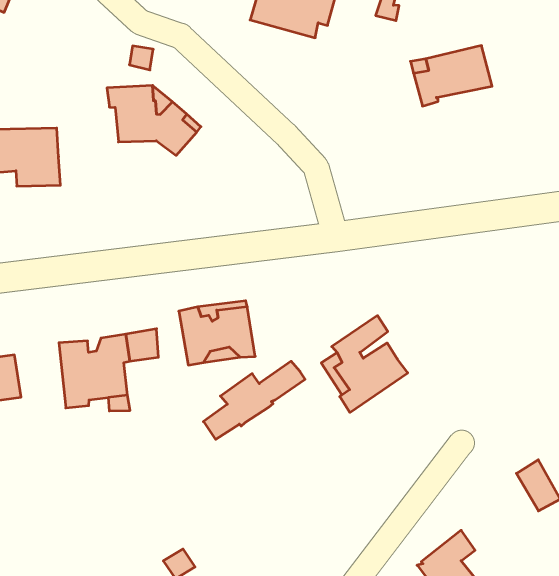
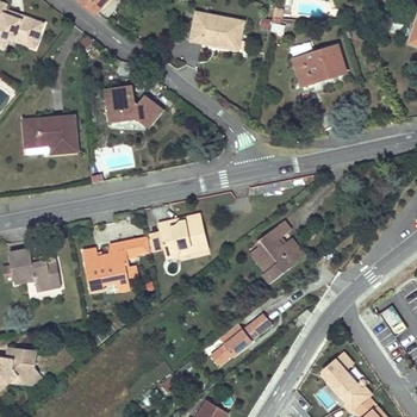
building: [203,361,305,439] -> [209,312,270,365]

